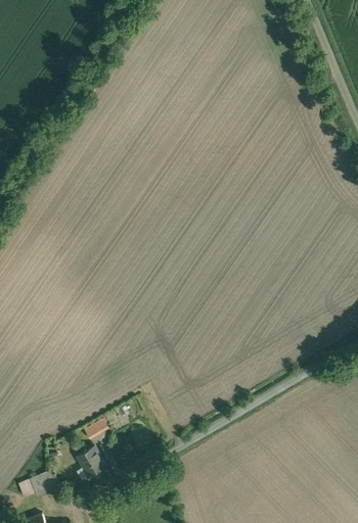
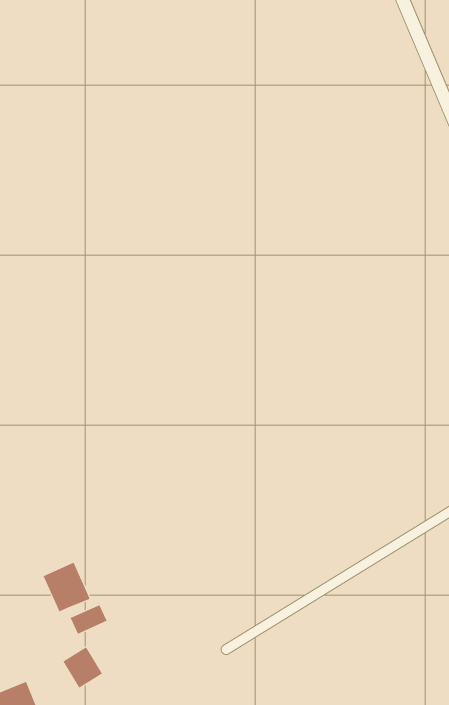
building: none -> [43,562,90,612]

